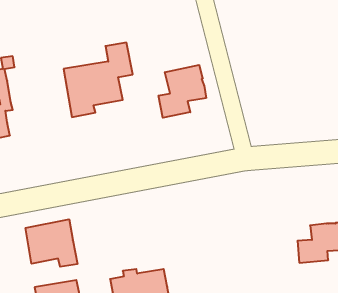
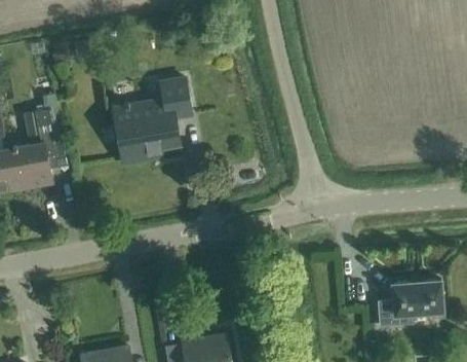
building: [159,65,206,118] -> none
building: [26,219,77,267] -> none

